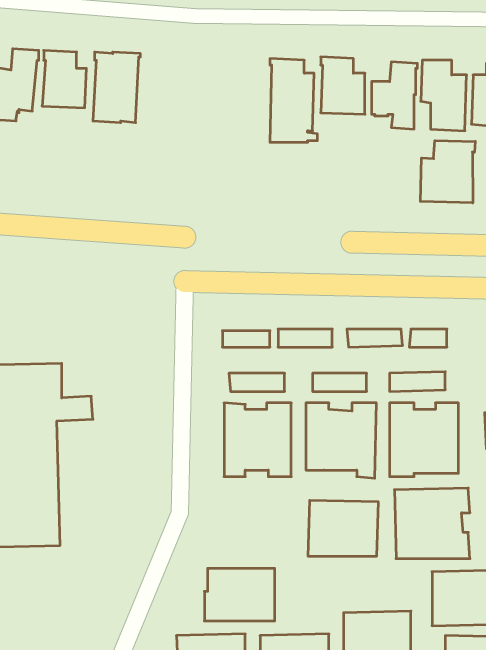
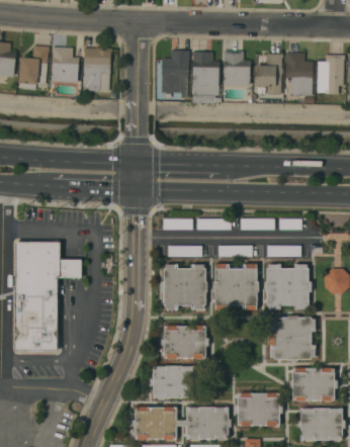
building: none -> [162,51,190,98]
building: [420,141,475,203] -> none
building: [308,500,378,556] -> [163,325,206,359]

